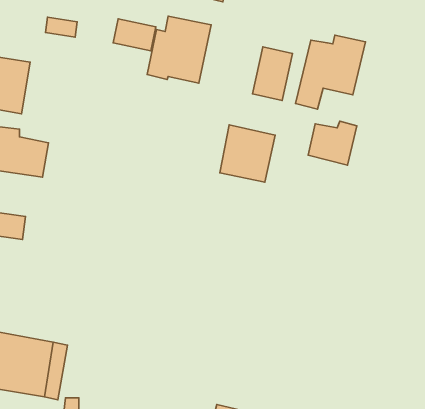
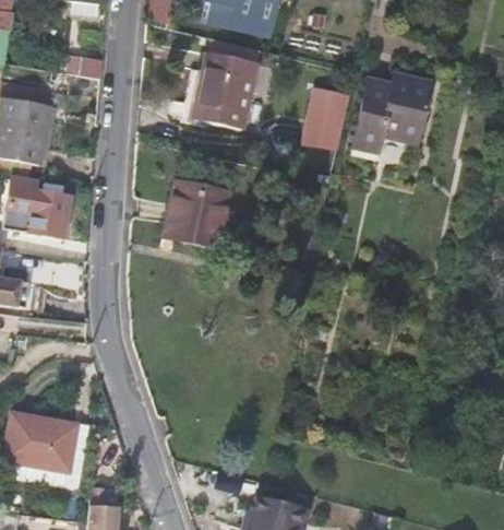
building: [113,19,156,51] -> none
building: [308,121,357,165] -> none
building: [220,125,275,182] -> [164,180,227,246]

